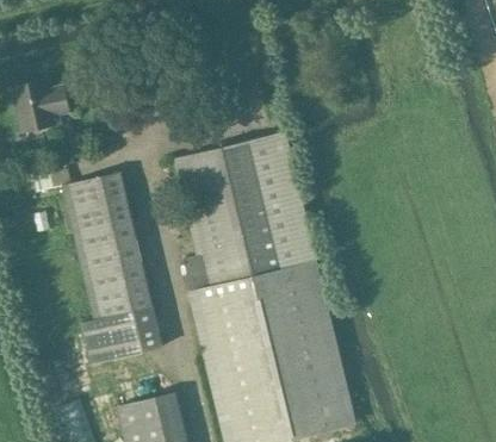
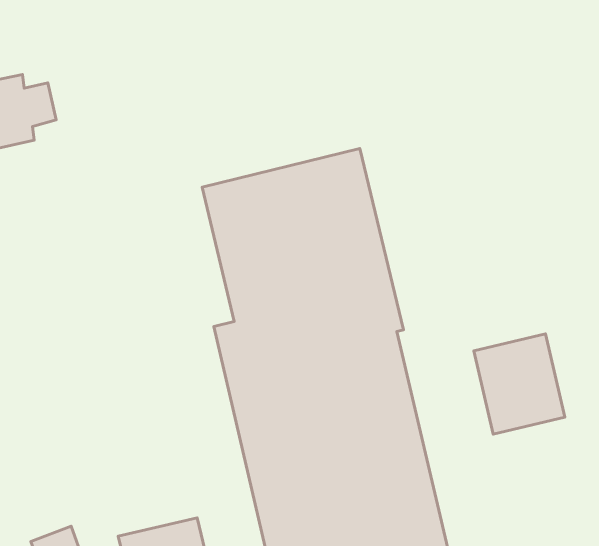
building: [62,172,165,366] -> none
building: none -> [474,334,565,434]

